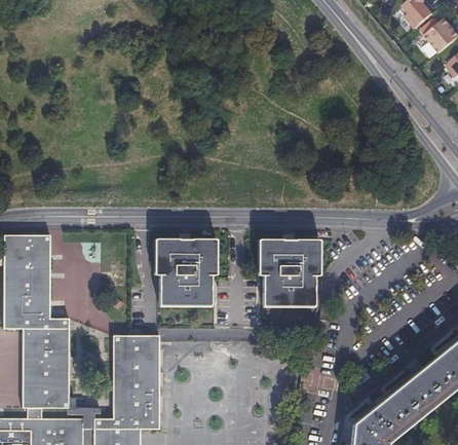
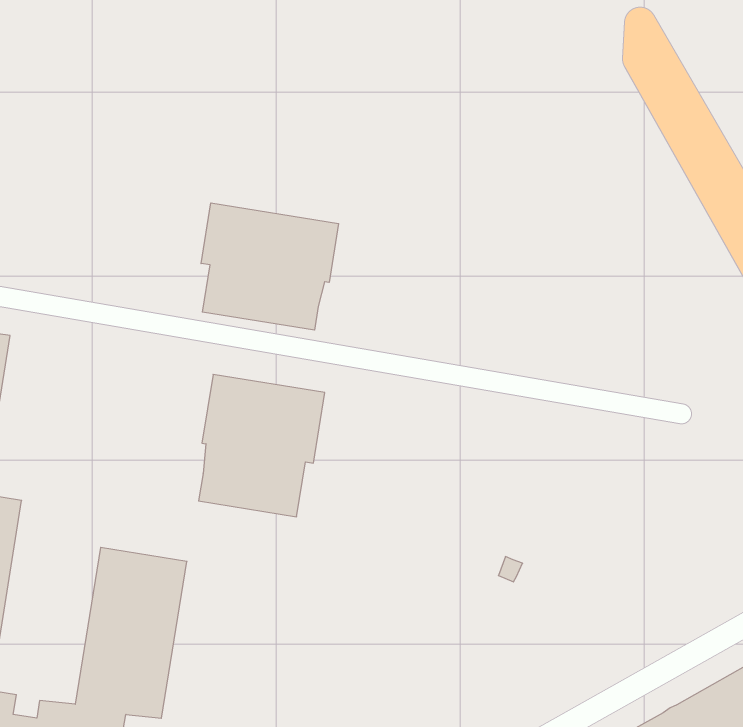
building: none -> [201,203,339,330]
building: [258,238,317,305] -> none

